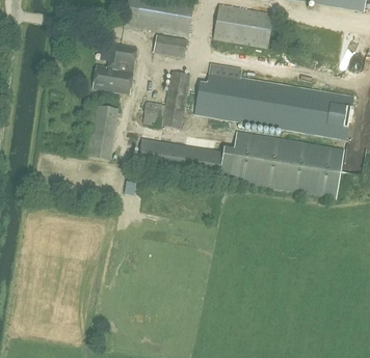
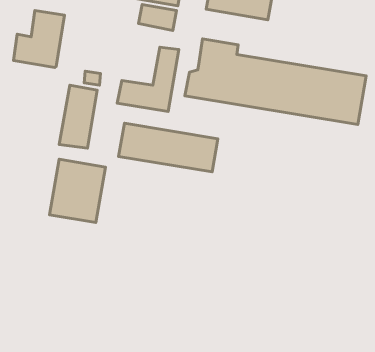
building: [93,43,137,92] -> [13,11,64,68]
building: [229,130,345,198] -> none
building: none -> [49,159,105,223]

